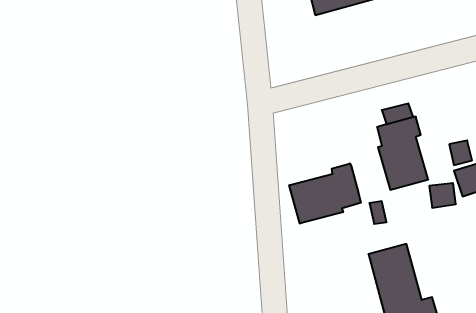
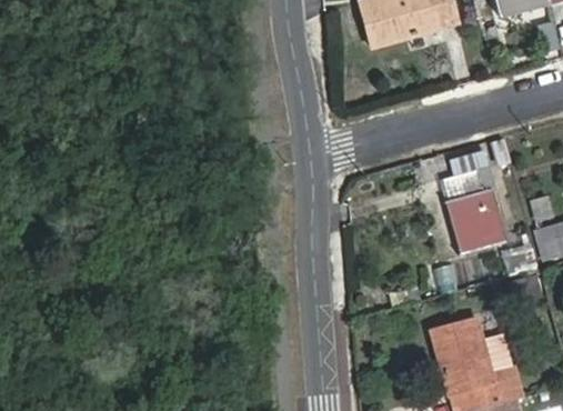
building: [289,163,361,224] -> none

